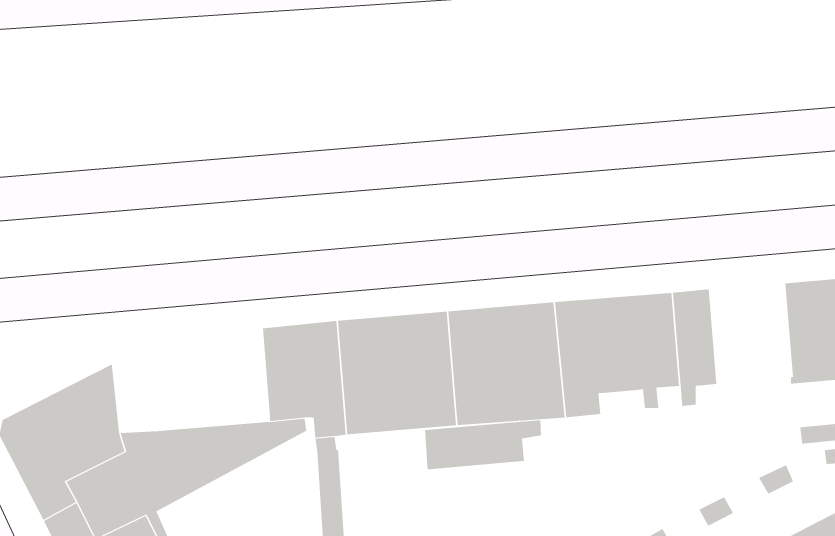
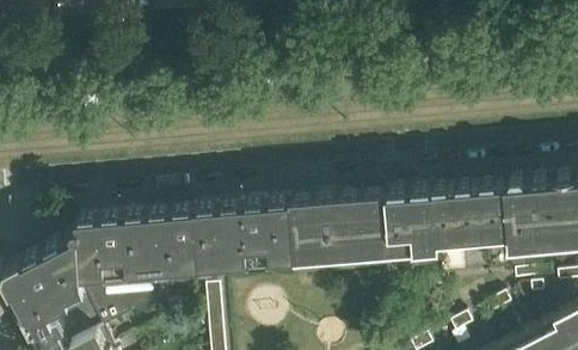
building: none -> [456,184,509,260]
building: none -> [75,213,176,280]
building: [424,420,541,470] -> none

